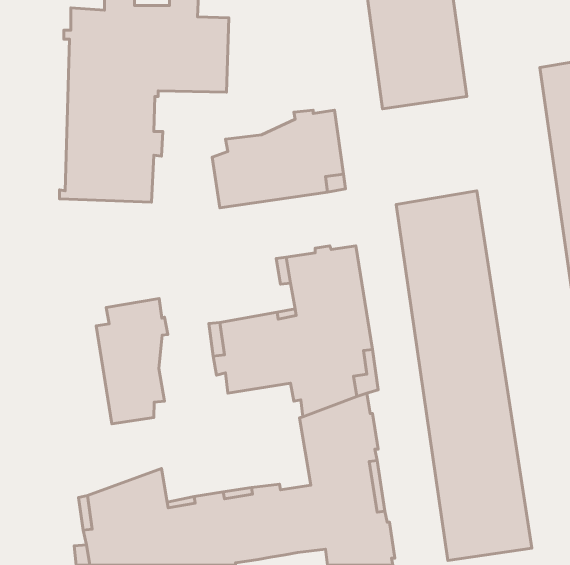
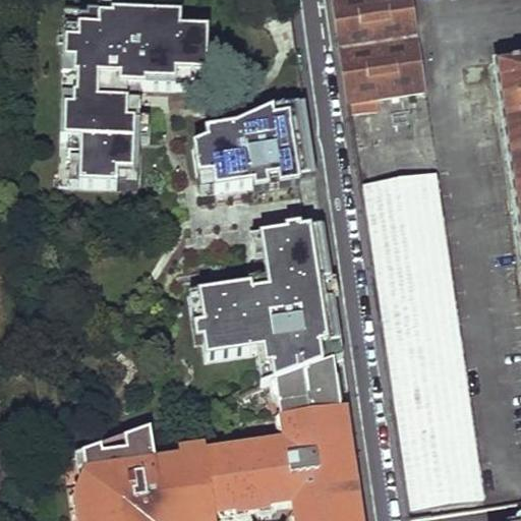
building: [96,299,168,424] -> none

